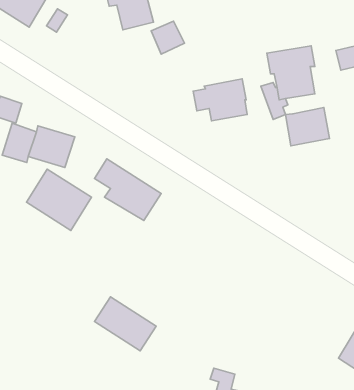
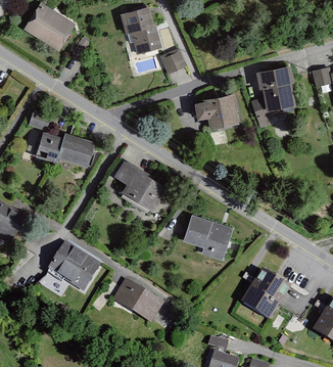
building: [285,107,329,146] -> none
building: [26,169,92,231] -> [47,238,101,289]
building: none -> [183,217,232,262]
building: none -> [242,267,292,318]

